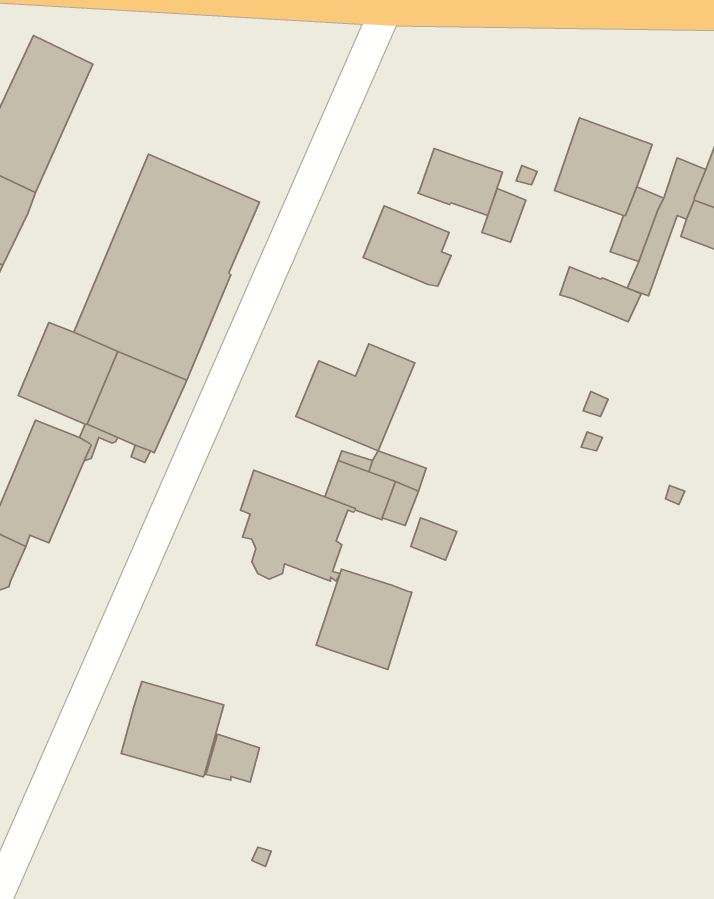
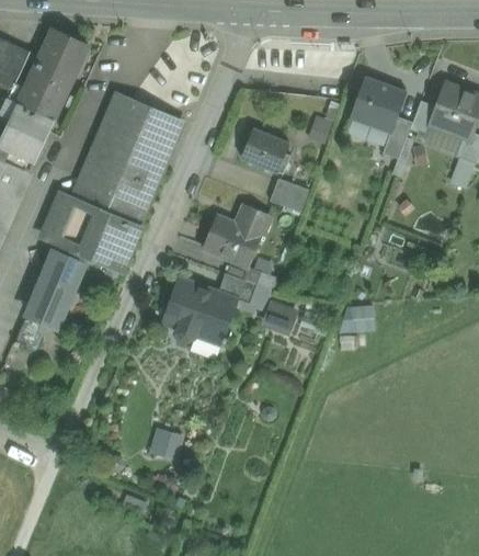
building: [418,148,503,215] -> none
building: [560,267,641,322] -> none
building: none -> [270,177,309,211]
building: none -> [346,302,376,330]
building: [316,569,412,669] -> none
building: [121,681,224,777] -> none

